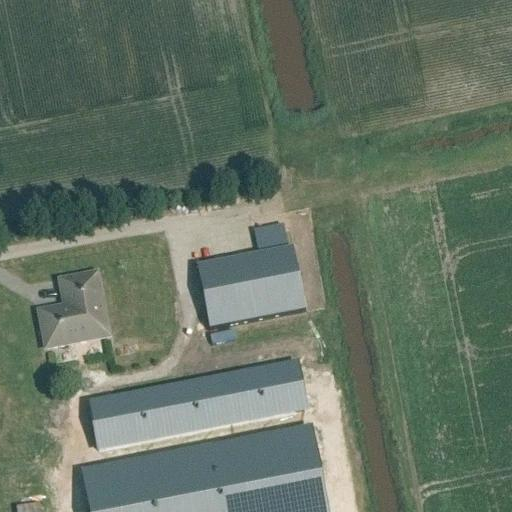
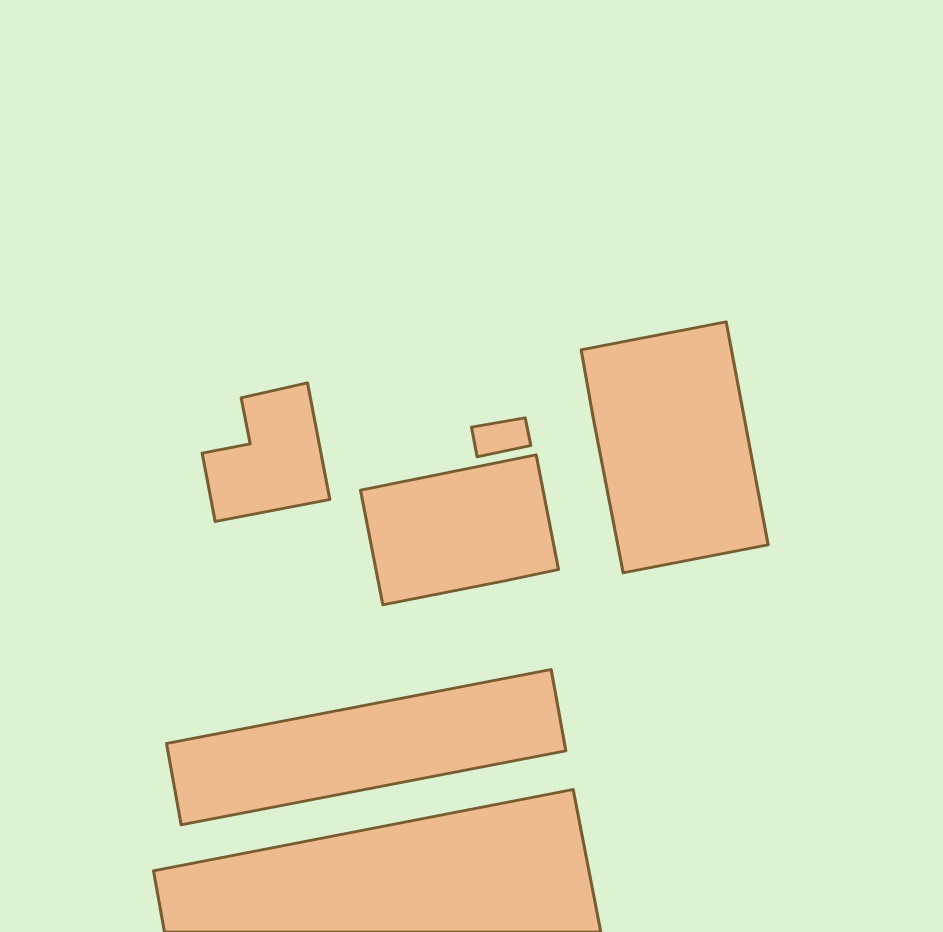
building: none -> [581,322,768,573]
building: [40,270,109,345] -> [202,383,330,522]

